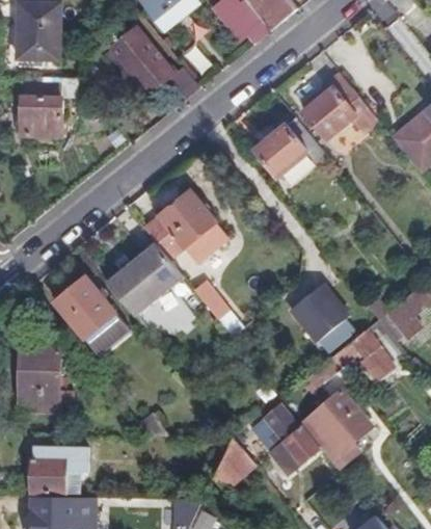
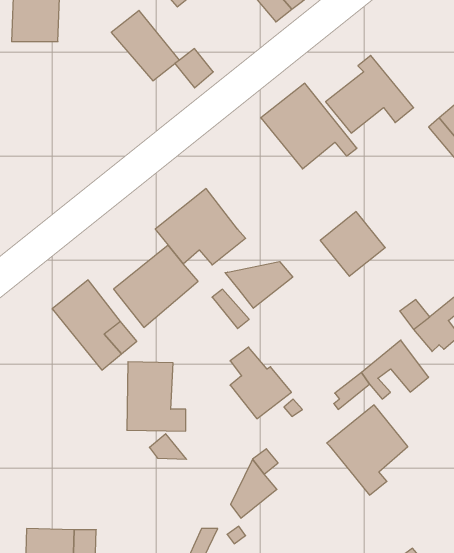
building: [22,86,60,137] -> none
building: none -> [225,262,293,308]
building: [291,284,349,342] -> [320,212,385,276]
building: [20,349,73,412] -> [127,362,186,431]
building: [265,405,320,470] -> [230,347,291,419]
building: [32,445,88,492] -> none

